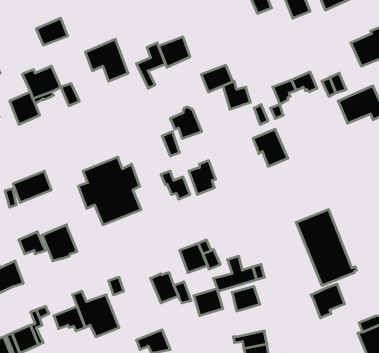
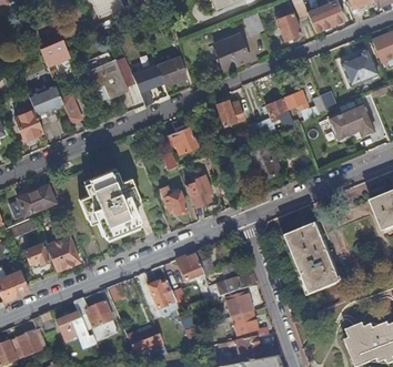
building: [201,65,233,92] -> [219,43,249,69]
building: [311,284,345,318] -> none
building: [194,289,223,316] -> [231,310,259,336]

